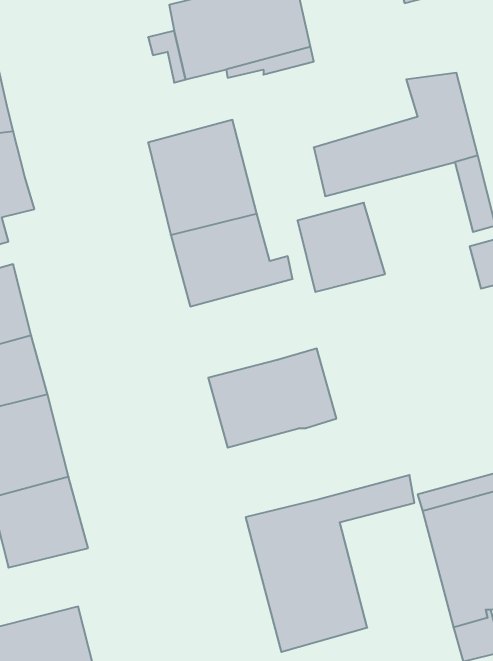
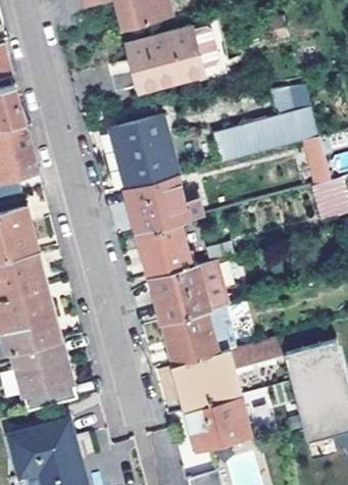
building: [297,203,385,292] -> [137,222,192,278]
building: none -> [160,309,217,366]

